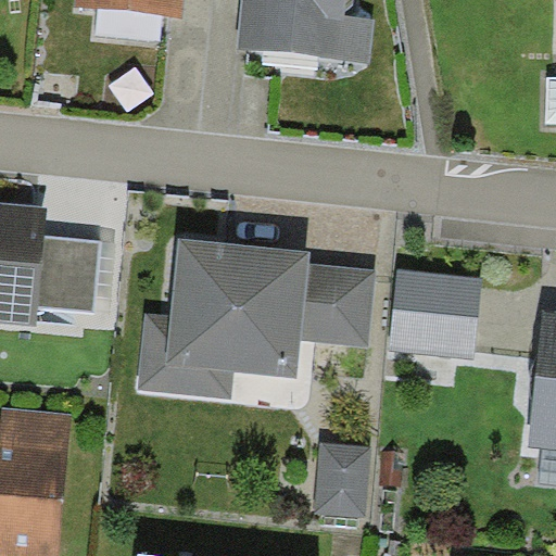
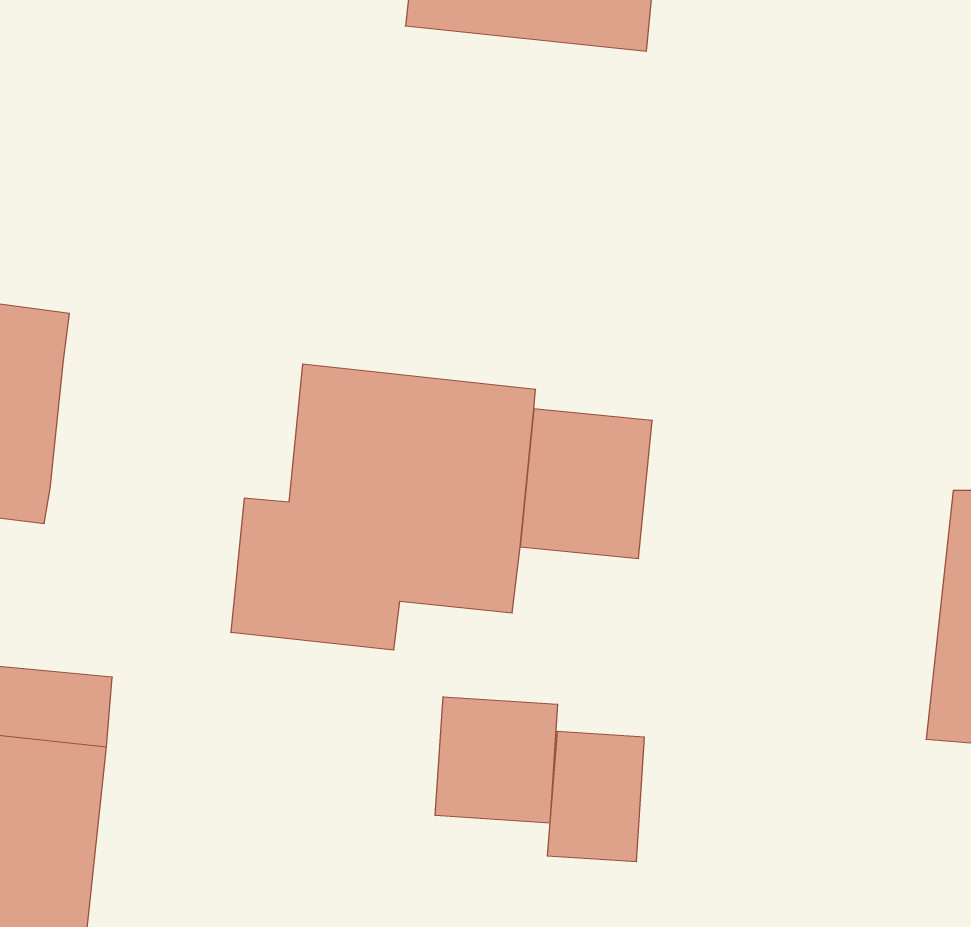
building: [37,236,100,313] -> none
building: [390,269,480,359] -> none
building: none -> [435,697,558,823]

